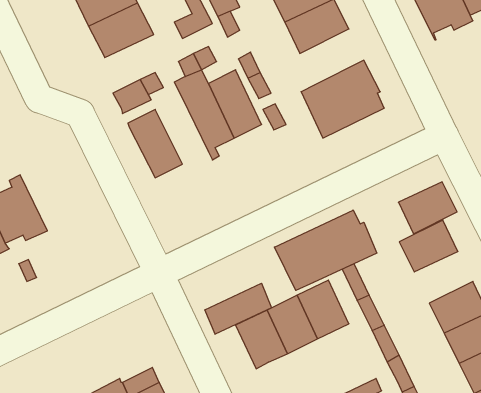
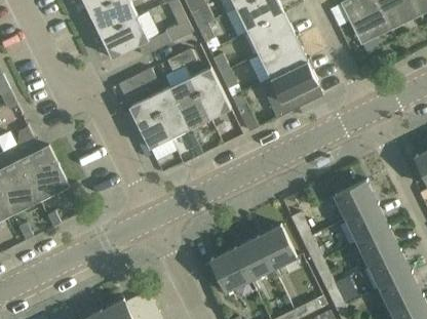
building: none -> [258,36,306,78]
building: none -> [149,86,189,137]
building: [398,182,457,234] -> [344,203,388,242]
building: [274,210,377,290] -> none
building: [205,283,272,334] -> none

